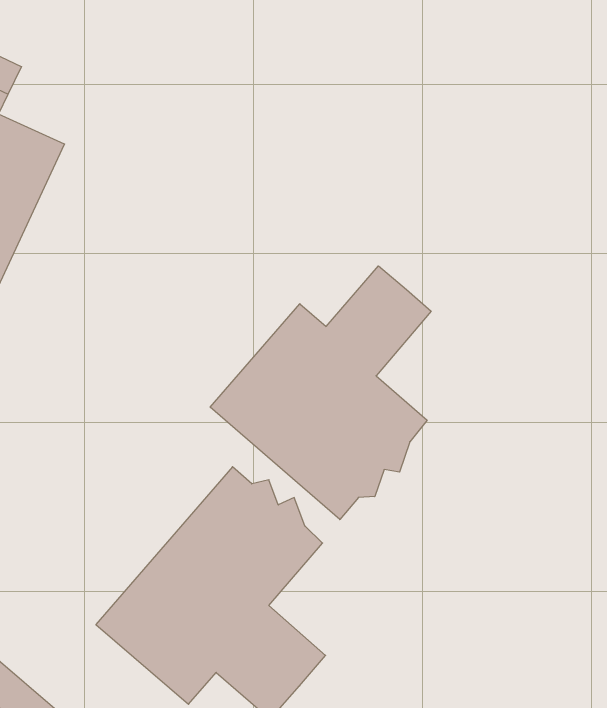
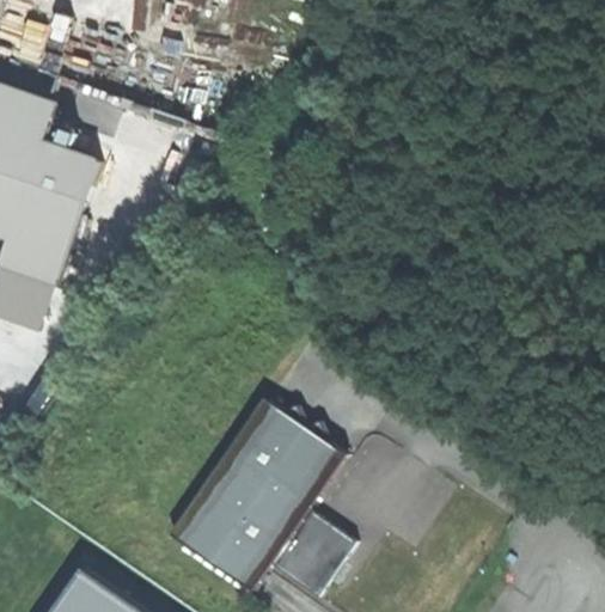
building: [210,266,431,520] -> none

